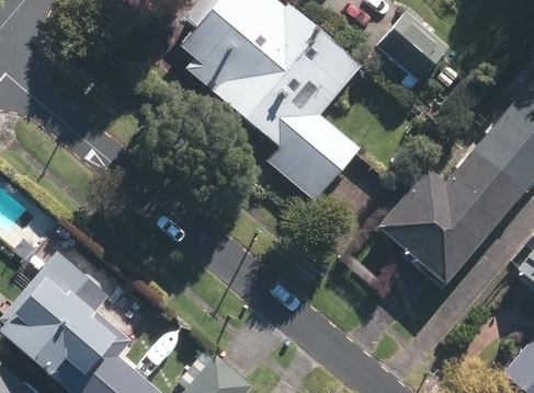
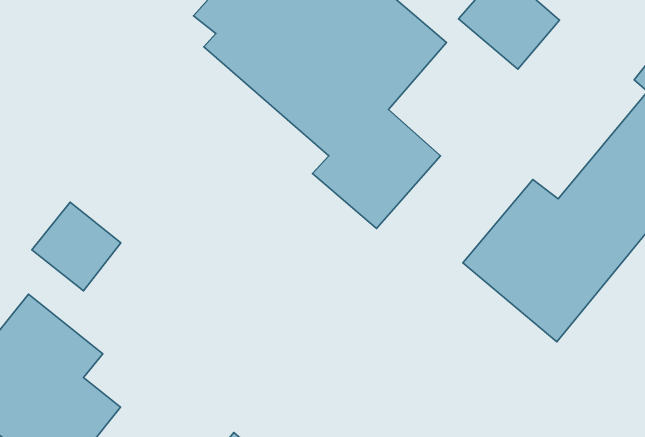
building: none -> [32,202,121,291]

